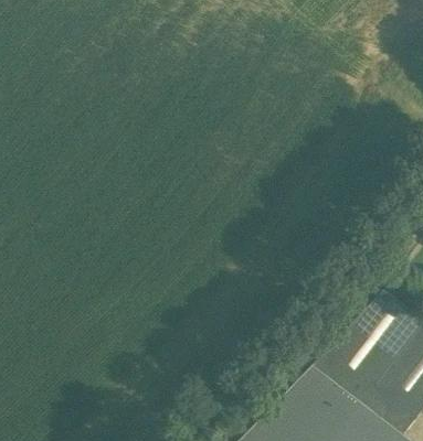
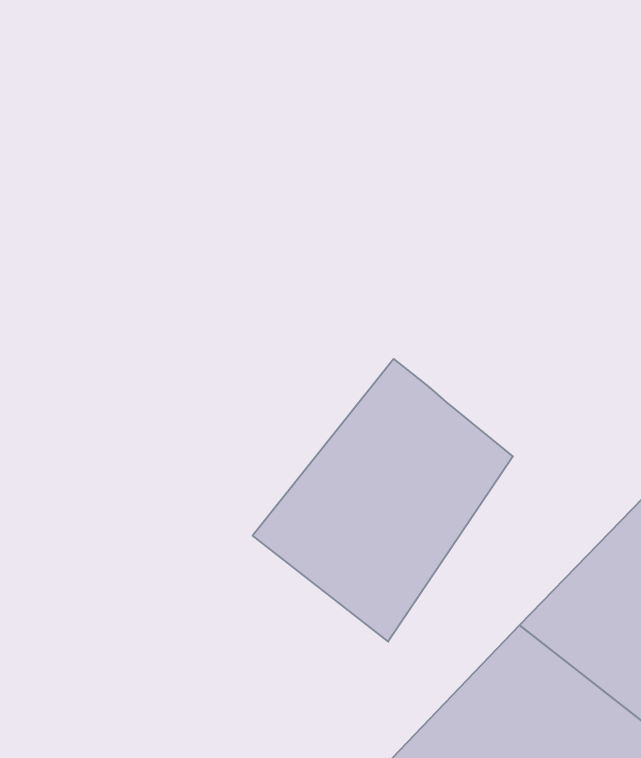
building: none -> [253,359,513,642]

